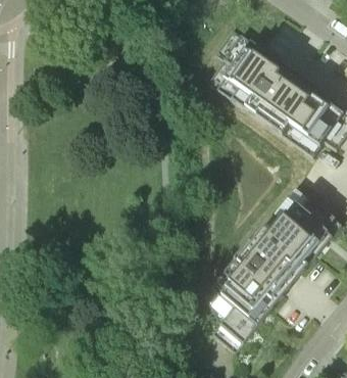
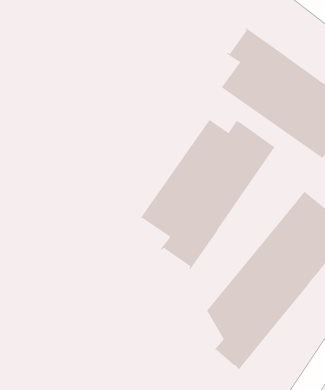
building: none -> [139,119,275,270]

